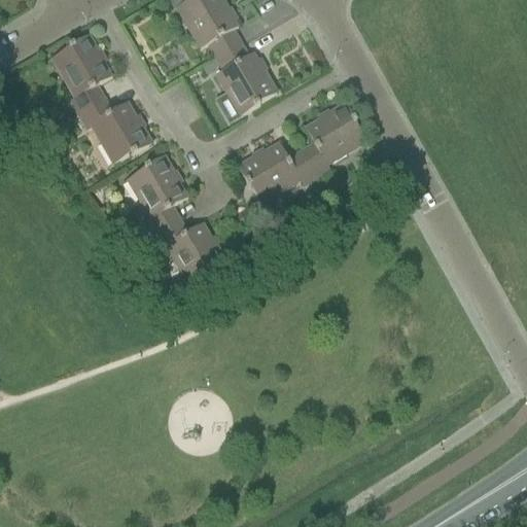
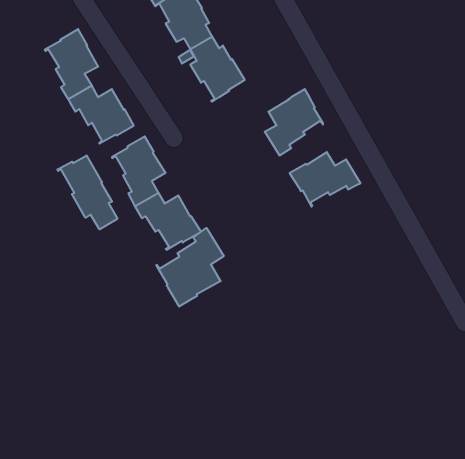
building: [236,141,316,203] -> [290,152,361,207]
building: none -> [57,155,117,229]
building: none -> [156,228,224,307]

